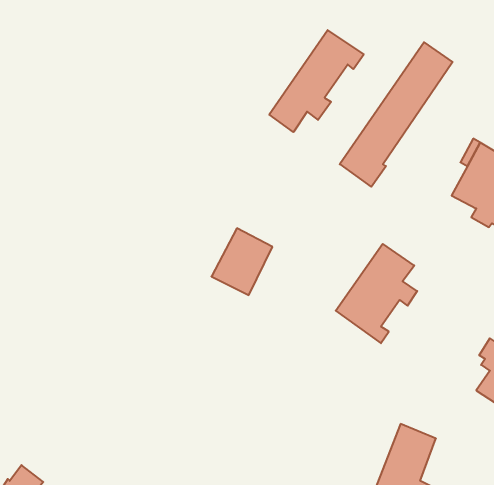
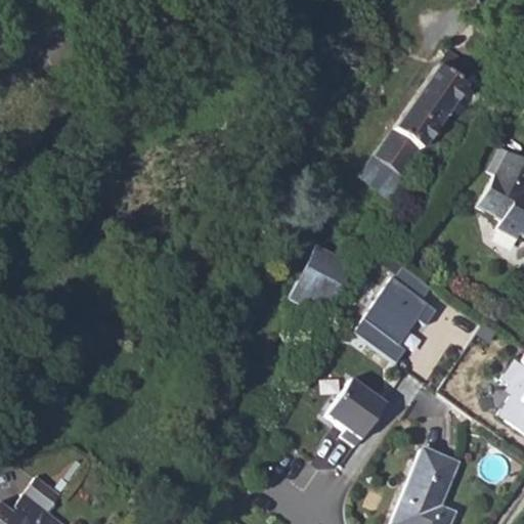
building: [269,30,364,132] -> none
building: [211,228,272,295] -> [290,249,353,318]
building: none -> [323,376,388,440]

